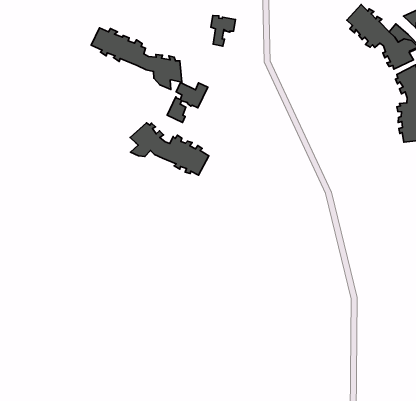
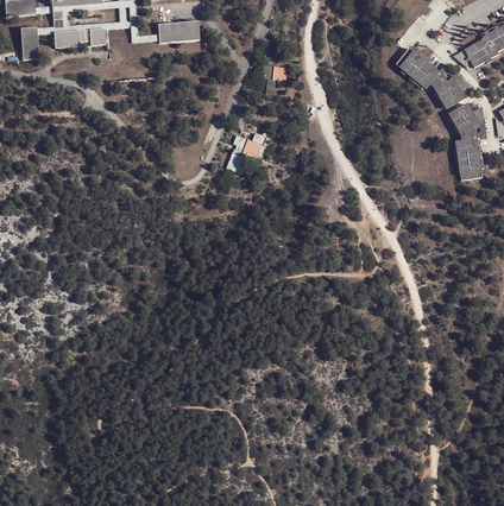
building: [91,28,182,90] -> none
building: [130,123,209,175] -> none

